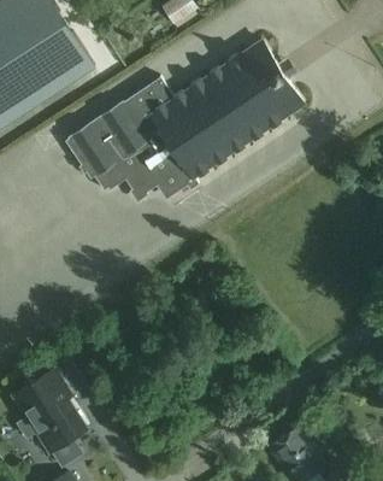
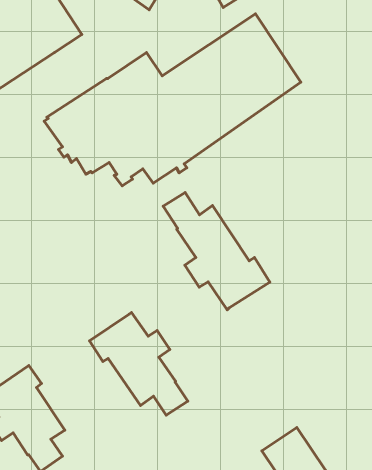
building: none -> [163,193,270,310]
building: none -> [89,312,188,415]

